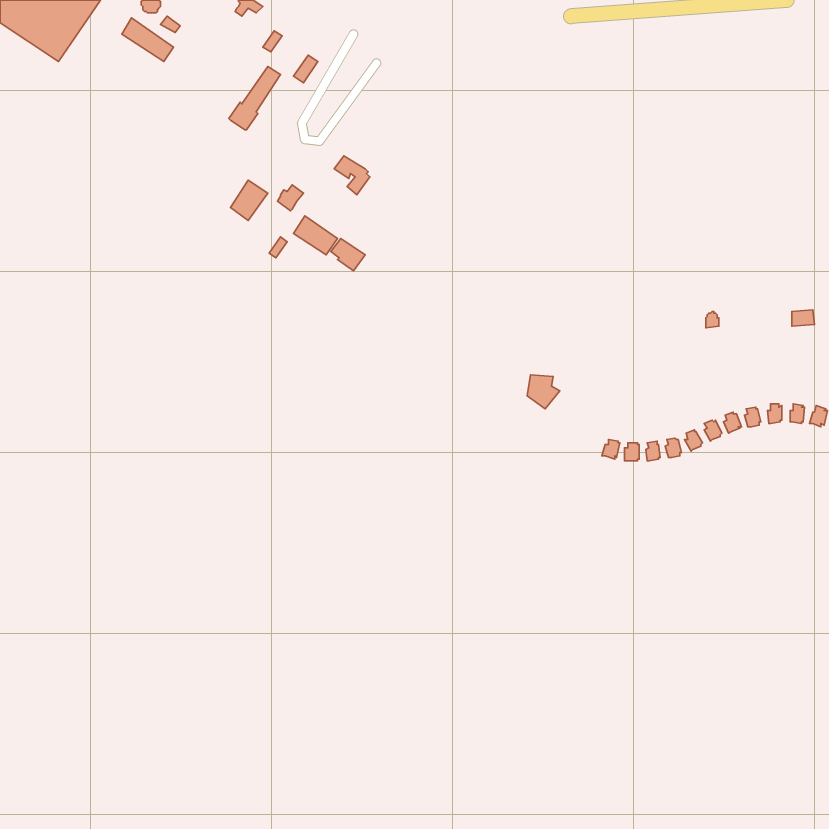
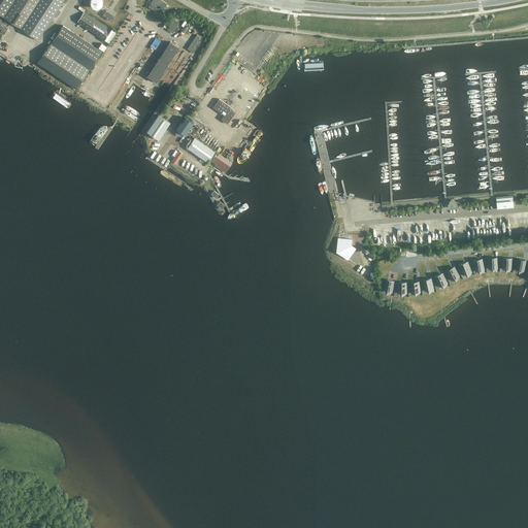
building: none -> [37,25,101,89]

